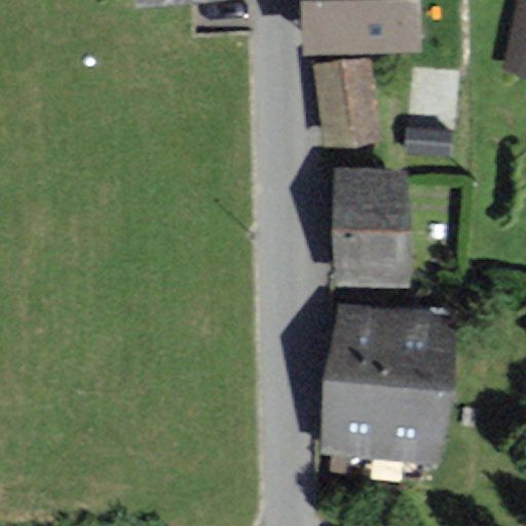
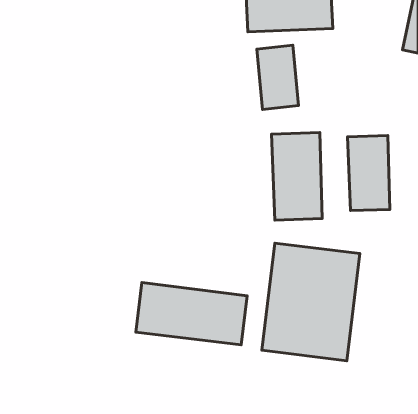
building: none -> [348,136,390,211]
building: none -> [136,282,247,345]

